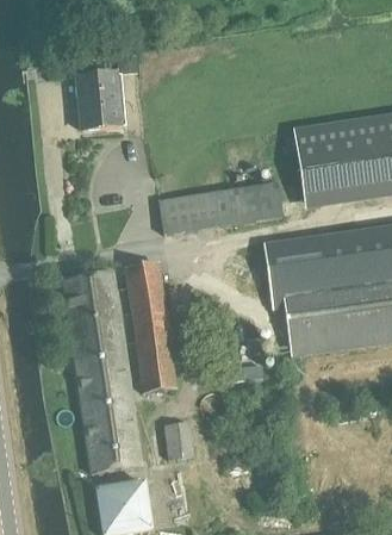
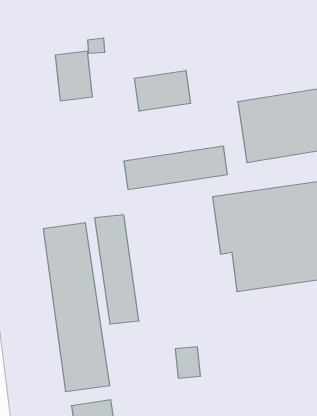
building: none -> [135,70,190,111]
building: [163,422,193,459] -> [175,347,201,378]

